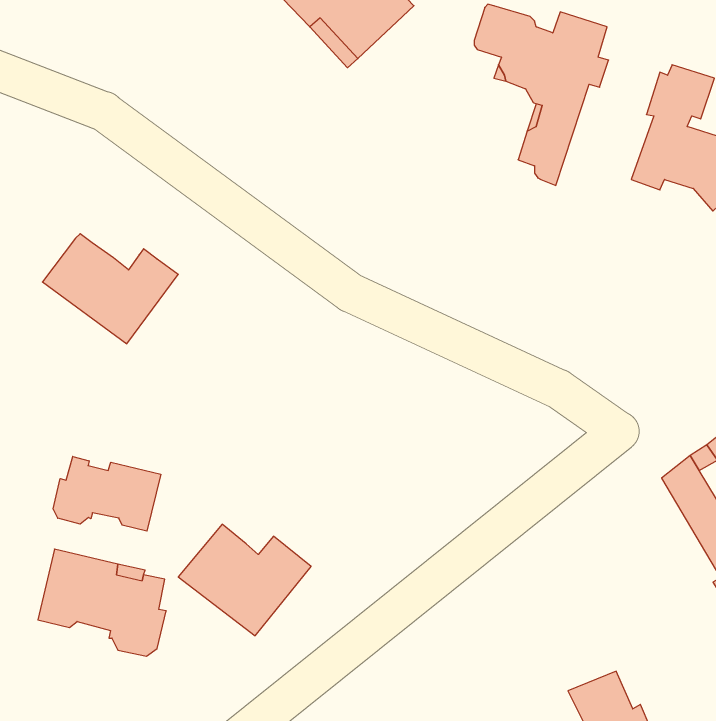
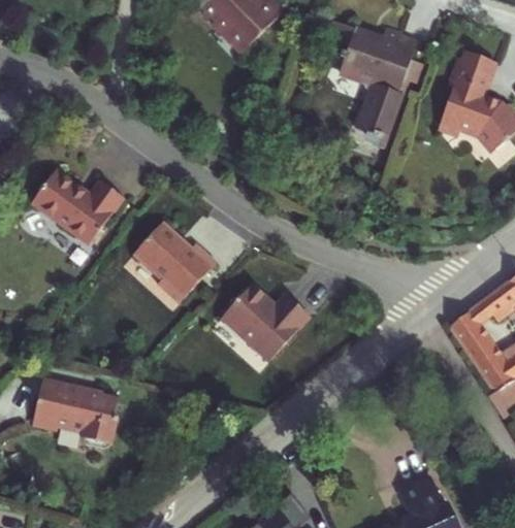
building: none -> [134,224,216,303]
building: [53,456,161,531] -> none
building: [178,524,311,636] -> [216,289,307,365]

